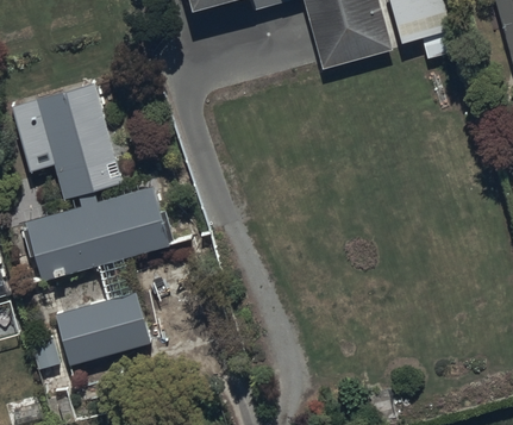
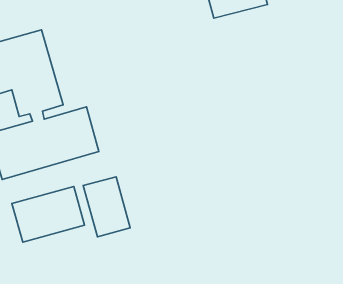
building: none -> [83,177,130,237]

